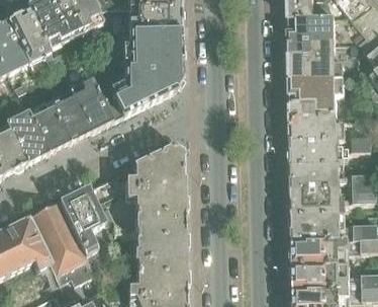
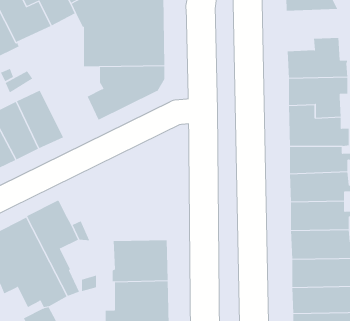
building: [287,17,335,55] -> none
building: [69,79,120,132] -> none
building: [123,145,182,224] -> none

